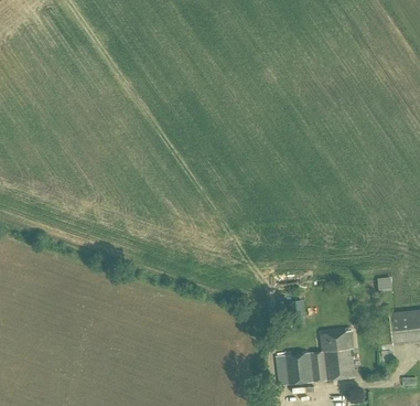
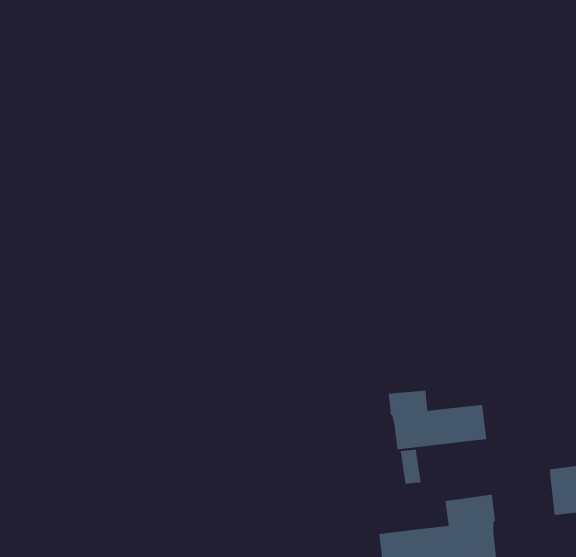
building: none -> [388,390,487,450]

